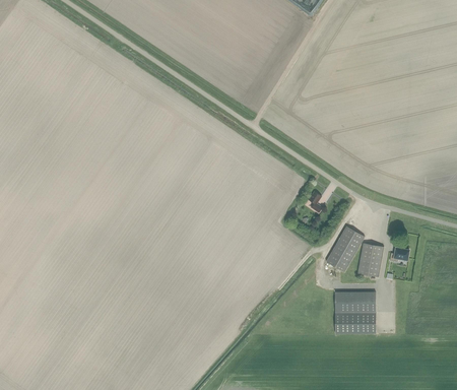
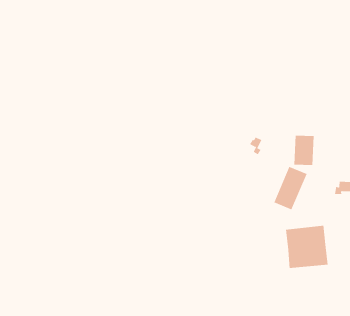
building: [357,243,383,276] -> [293,135,315,166]

